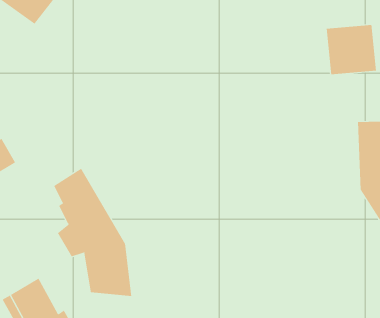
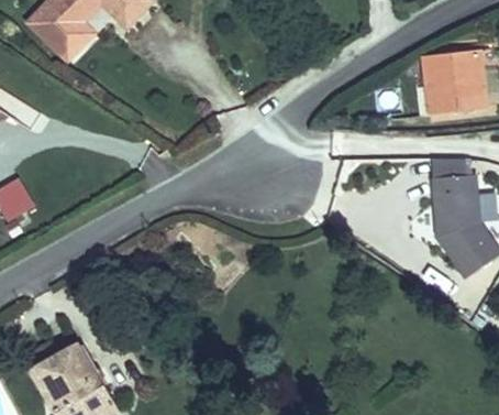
building: [53,168,132,297] -> none

